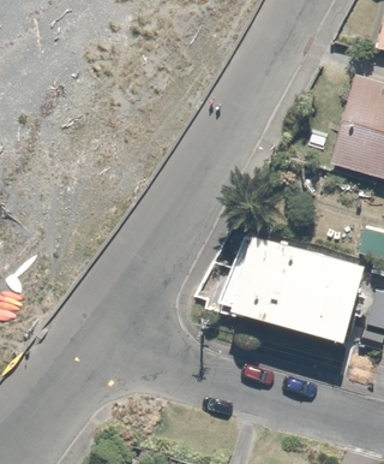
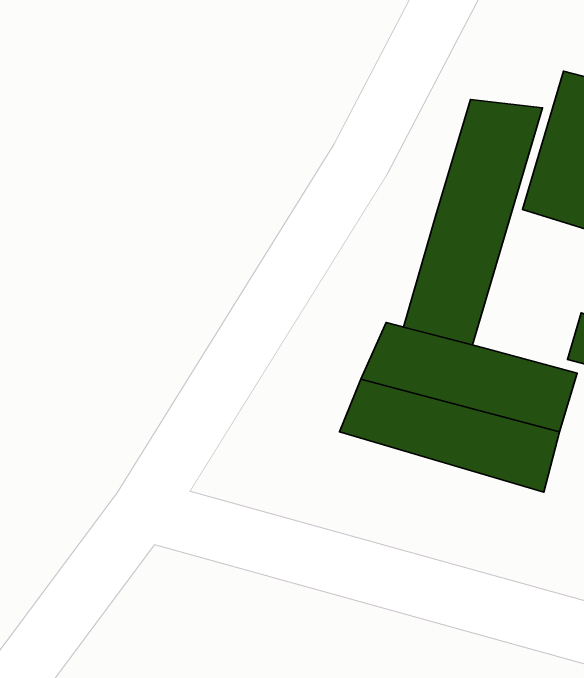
building: none -> [404,99,542,345]

